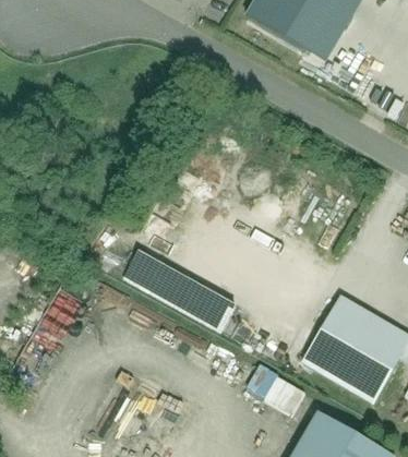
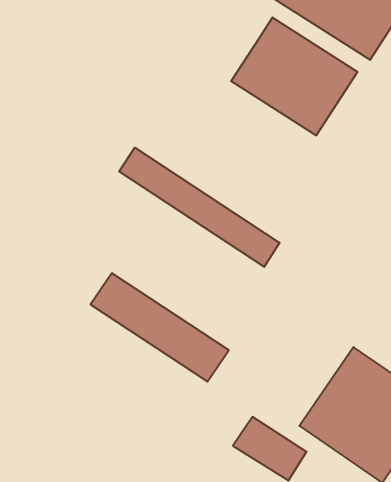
building: none -> [231,17,357,136]
building: none -> [119,148,280,267]

